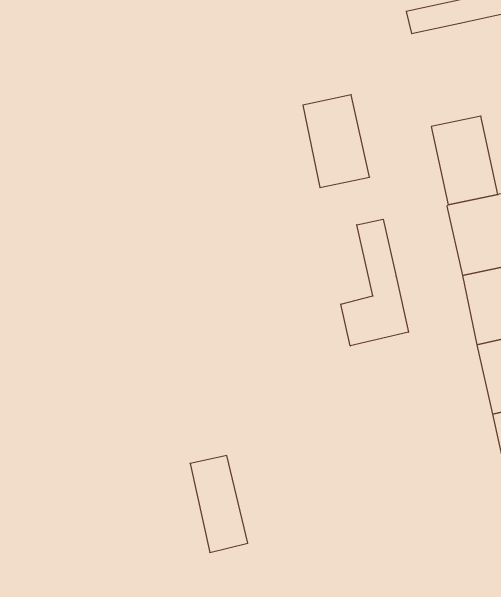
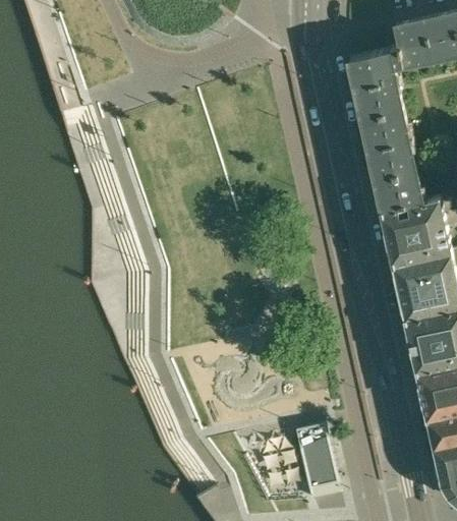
building: [303,95,370,188] -> [352,69,404,141]
building: [341,219,408,346] -> none
building: [190,456,248,552] -> [293,427,338,503]

